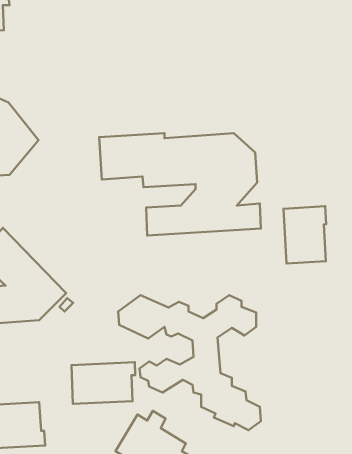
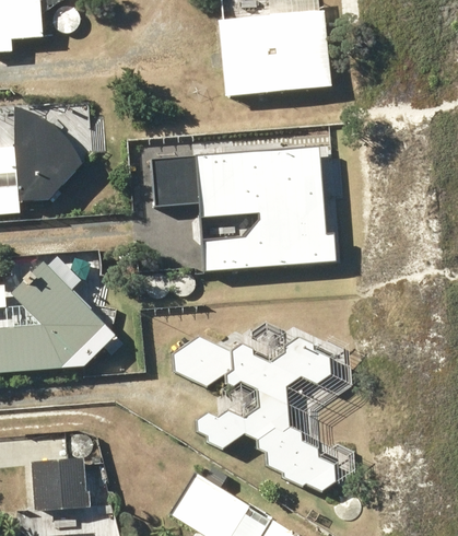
building: none -> [219,11,330,93]
building: [283,206,326,263] -> none
building: [72,362,135,404] -> none

